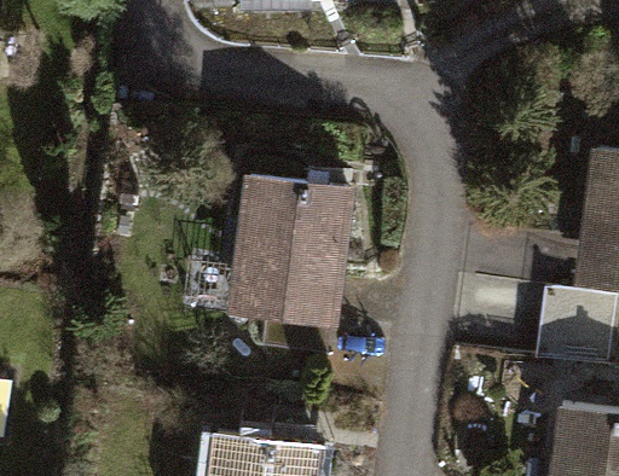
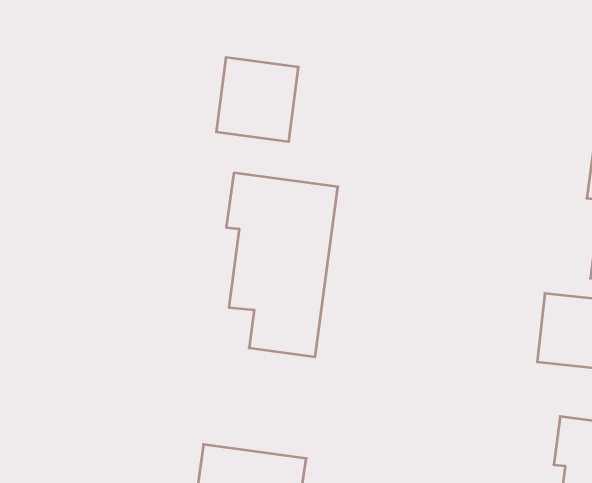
building: none -> [216,57,298,142]

